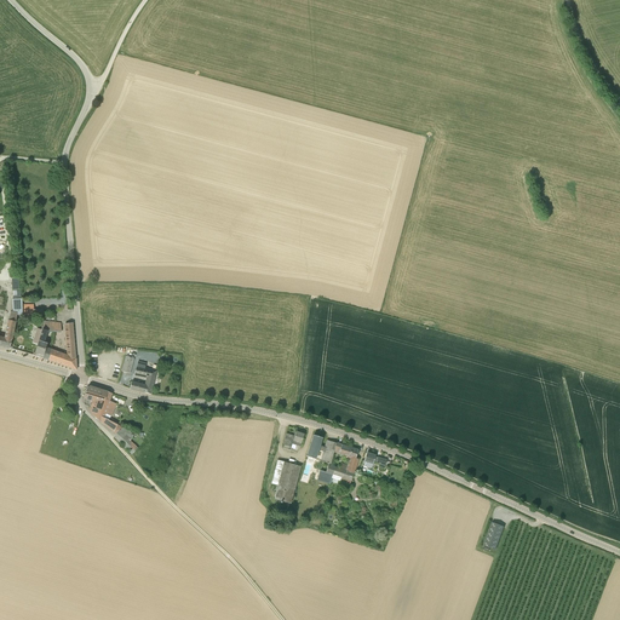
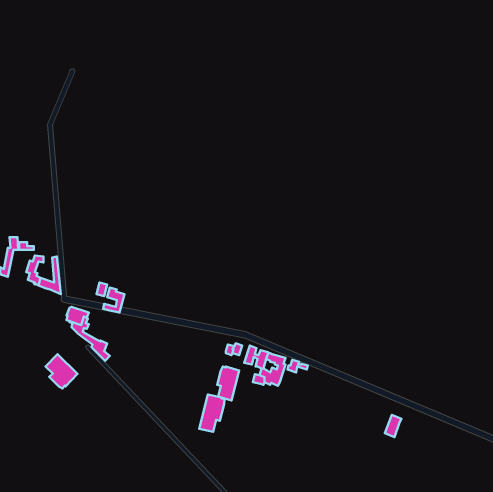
building: none -> [46,354,77,388]
building: none -> [199,394,224,432]

